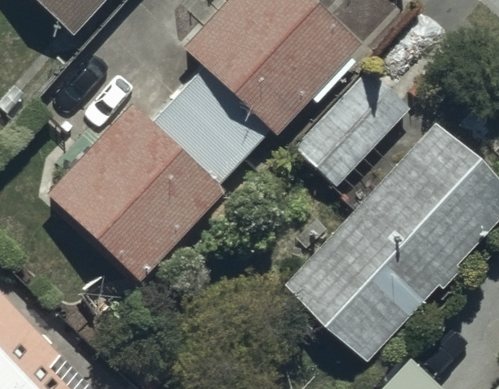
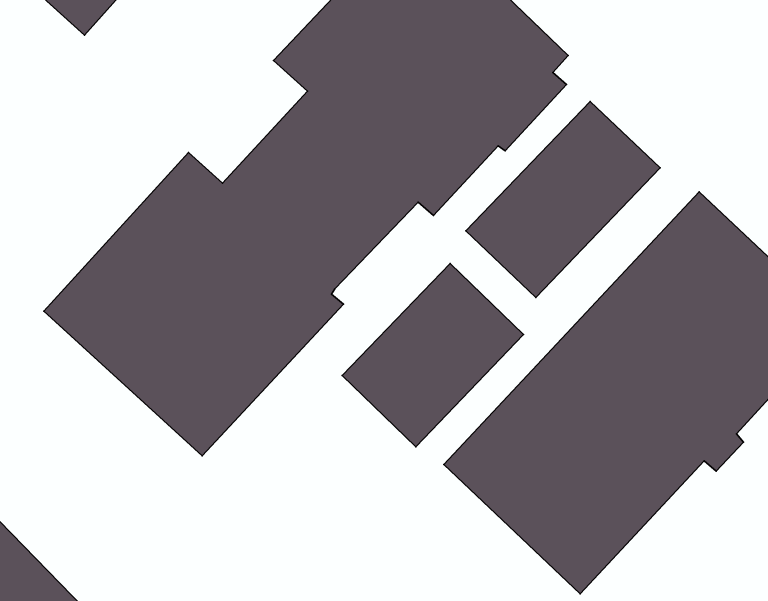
building: none -> [342,263,523,447]

